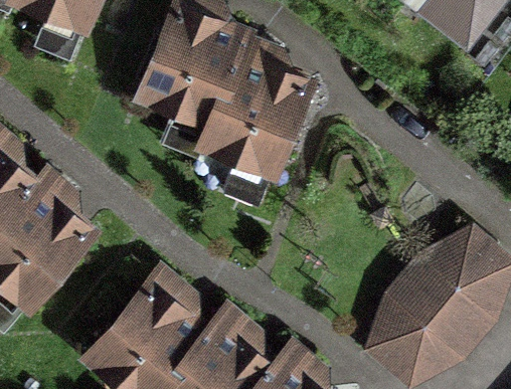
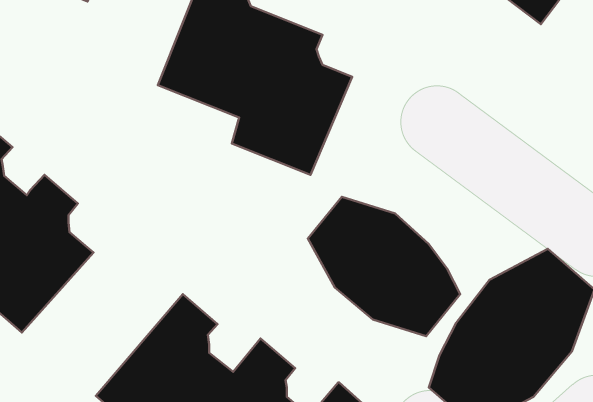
building: none -> [308,197,460,336]

